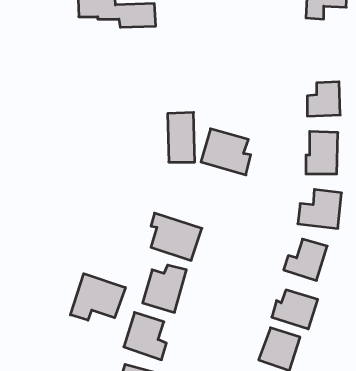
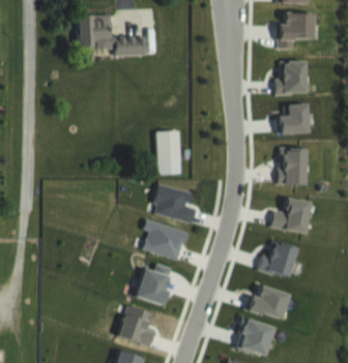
building: none -> [277,61,307,93]
building: [201,129,251,175] -> [152,183,196,223]
building: [70,274,125,320] -> none

